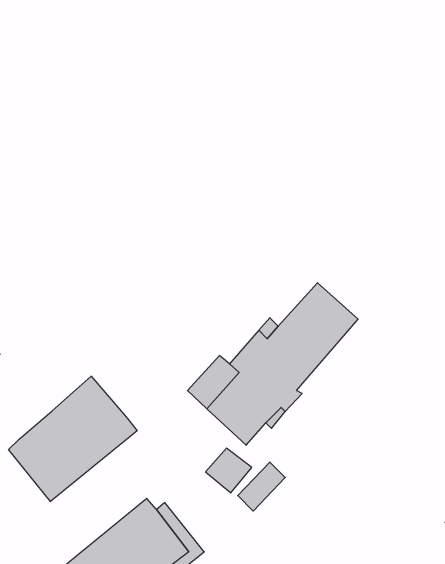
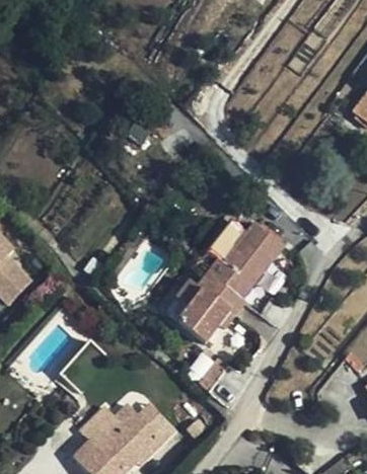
building: [9,376,137,502] -> none

